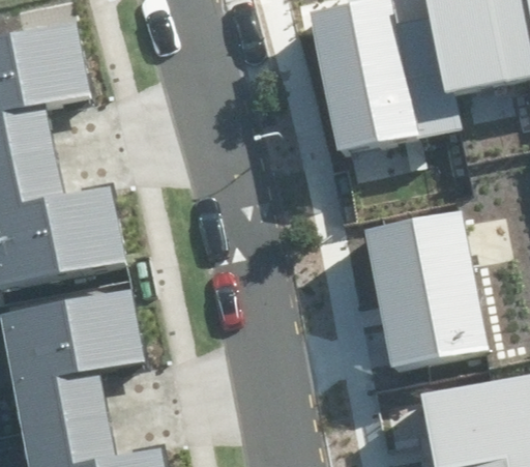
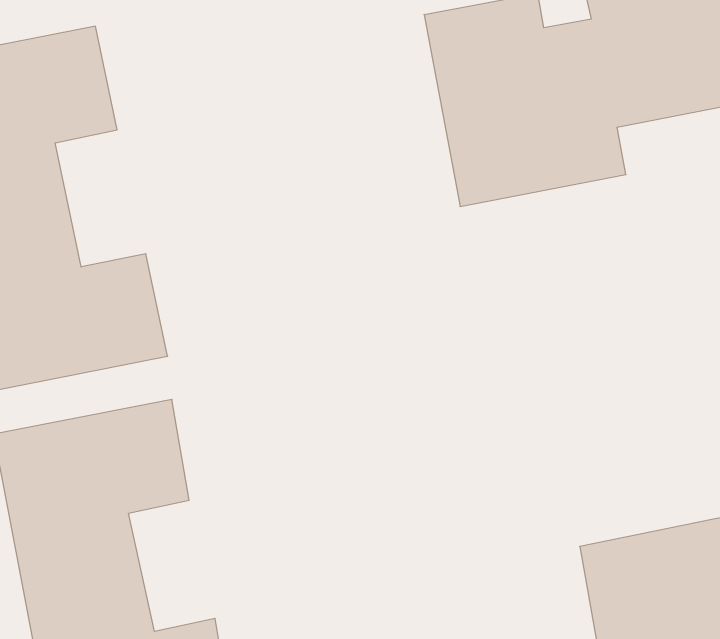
building: [363,211,485,366] -> none

